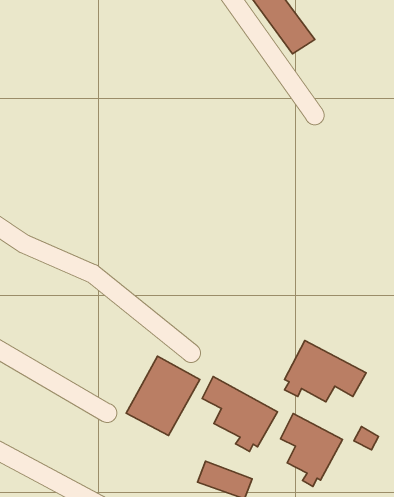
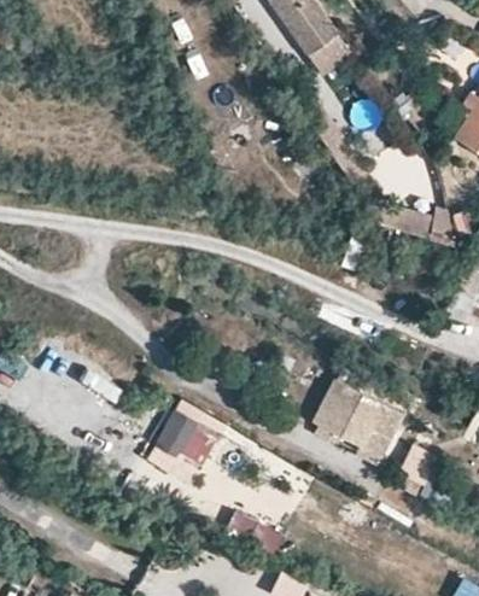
building: [202,376,277,452] -> none
building: [281,414,342,486] -> none

